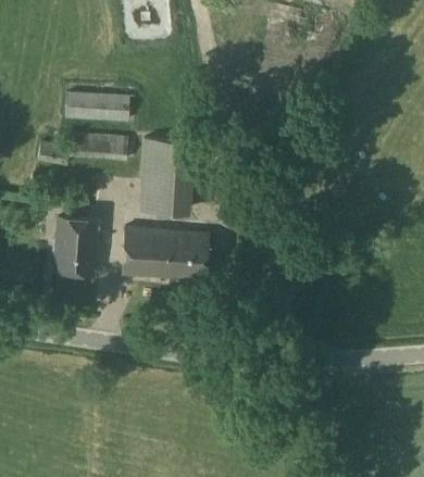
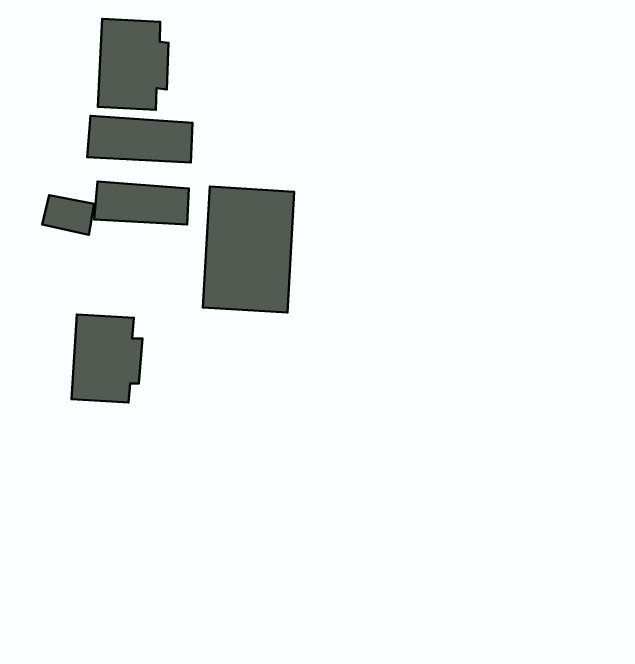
building: none -> [98,19,169,110]
building: [122,226,208,279] -> none

